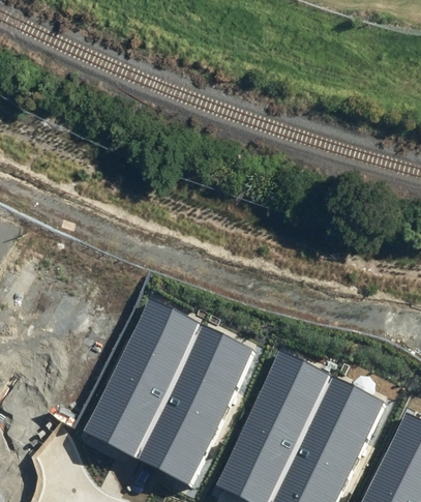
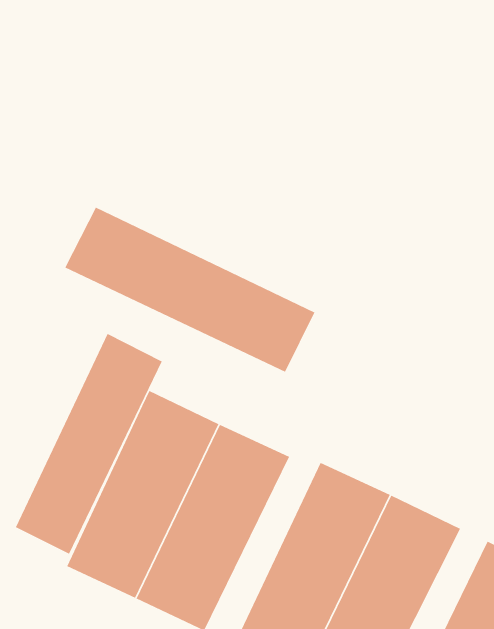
building: none -> [64,206,315,373]
building: none -> [15,333,163,555]

